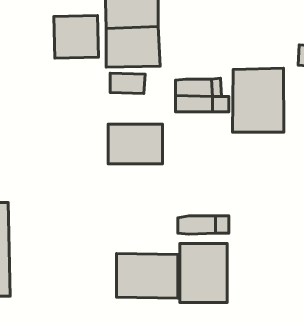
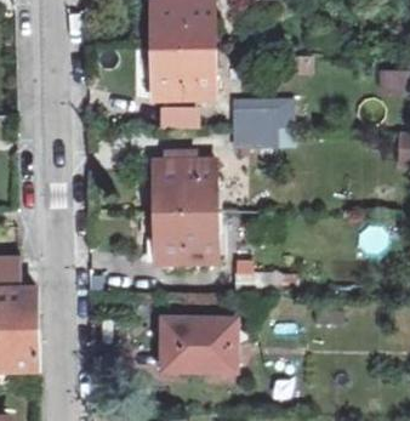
building: [54,16,99,58] -> none
building: [232,68,284,132] -> none
building: none -> [153,211,217,262]
building: [180,243,227,302] -> none

